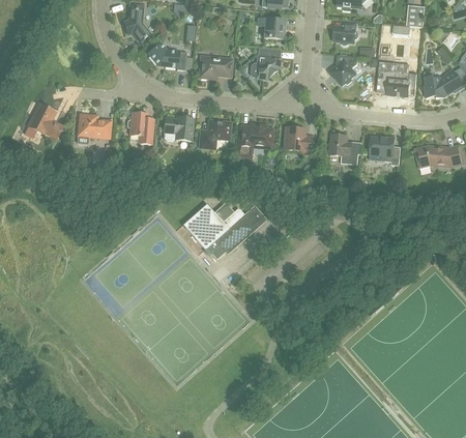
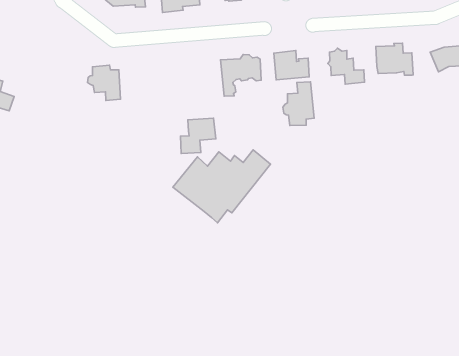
building: [77,113,110,137] -> none
building: [163,116,193,140] -> none
building: [198,119,230,148] -> [181,118,216,153]
building: none -> [283,82,314,126]

